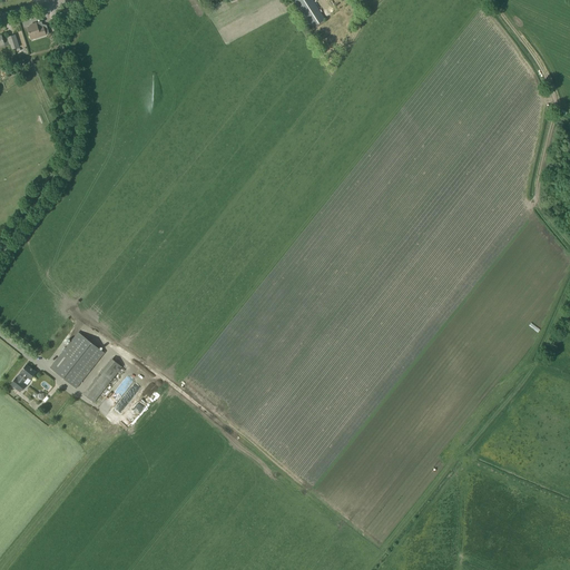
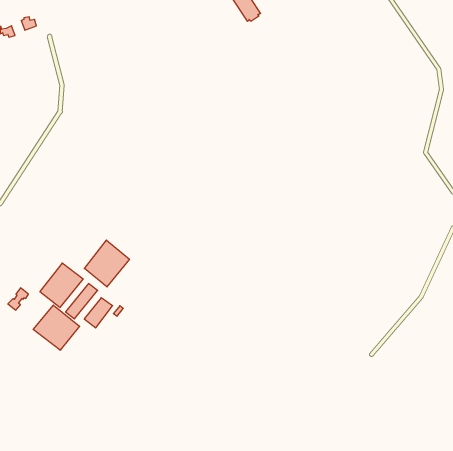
building: none -> [84,240,129,287]
building: none -> [33,305,80,350]

